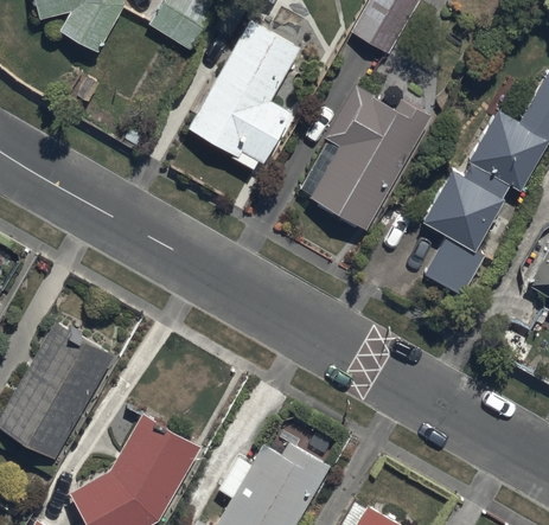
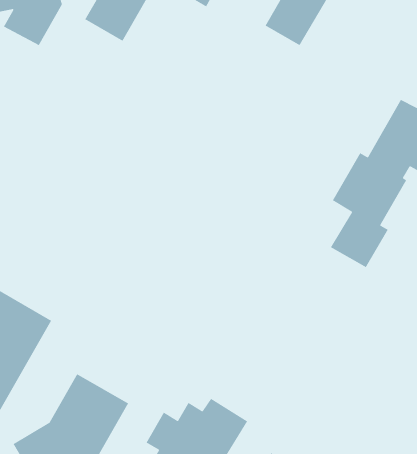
building: [187,21,300,171] -> none
building: [299,87,430,230] -> none

